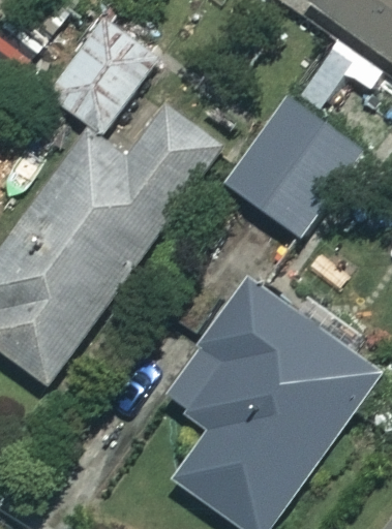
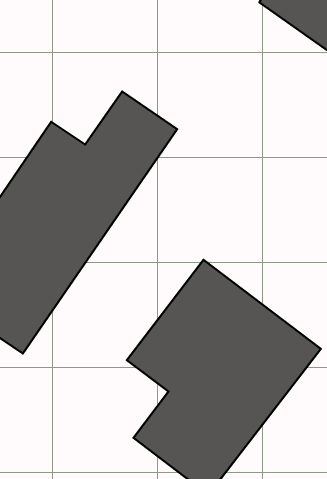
building: [39,18,154,134] -> none
building: [221,96,362,238] -> none

